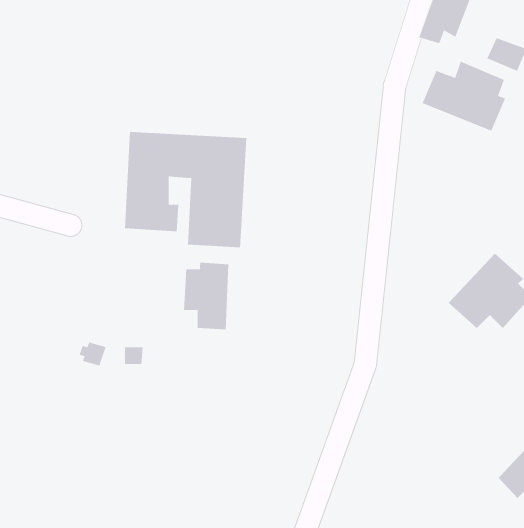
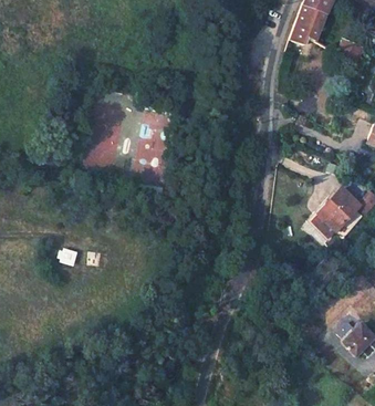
building: [422,61,506,132] -> none
building: [184,262,229,330] -> none

